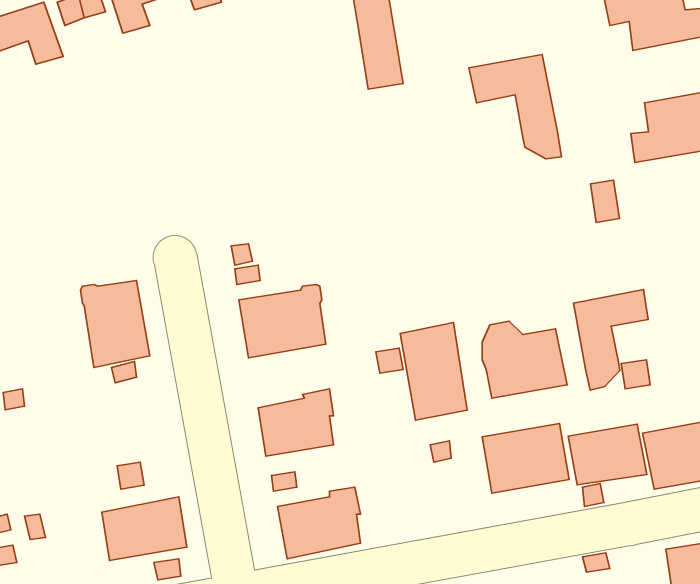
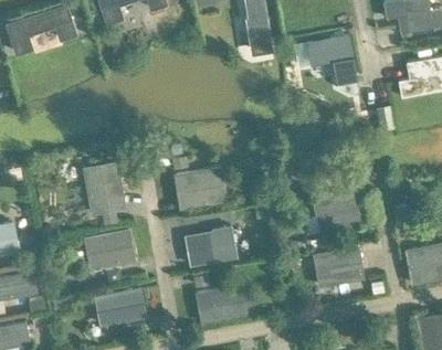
building: [574,289,648,390] -> none
building: [400,323,467,420] -> none
building: none -> [85,231,134,269]
building: [568,424,647,485] -> none

